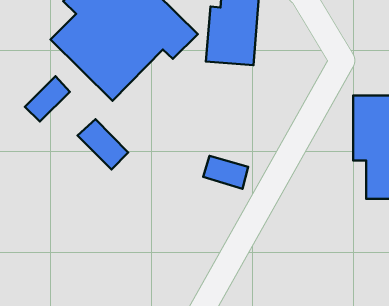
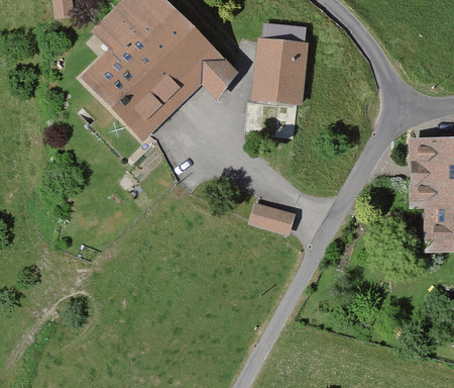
building: [25,76,70,121] -> none
building: [77,119,128,169] -> none

